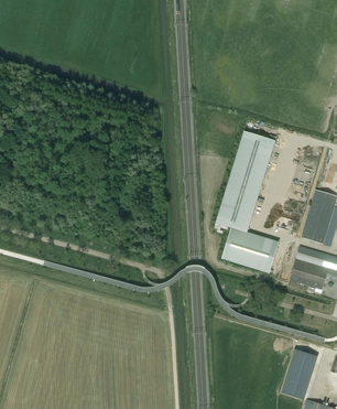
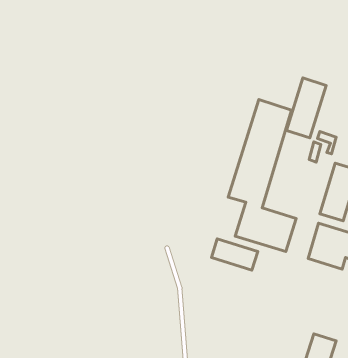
building: none -> [286,78,326,138]
building: none -> [211,239,258,270]

